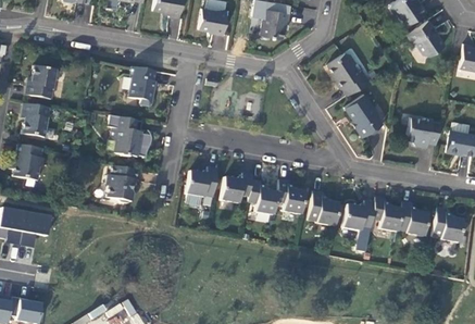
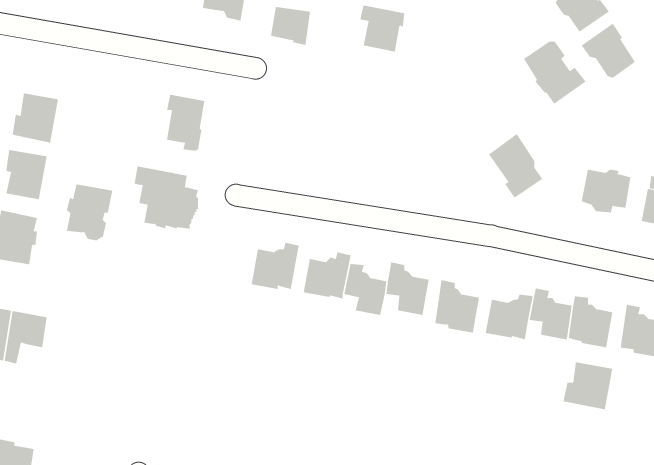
building: [328,52,371,95] -> [523,41,586,104]
building: [108,165,139,203] -> [66,184,113,241]
building: none -> [563,362,613,410]

